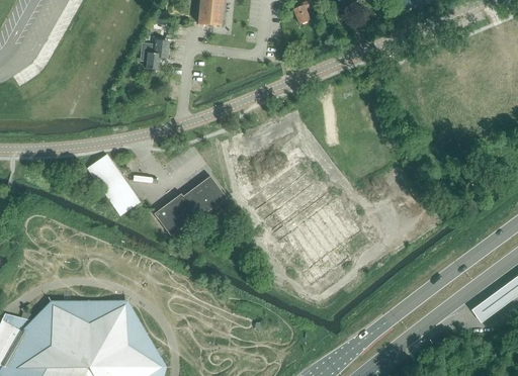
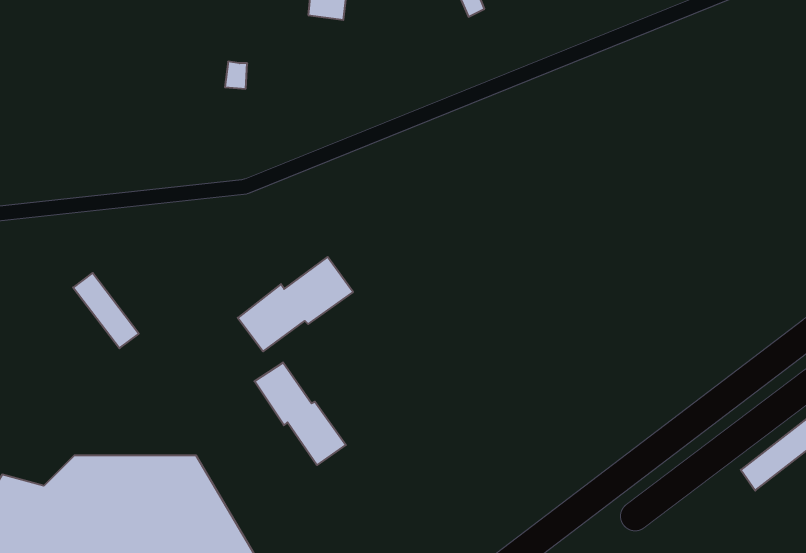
building: [90,164,132,211] -> [73,273,139,348]
building: none -> [254,362,346,465]

